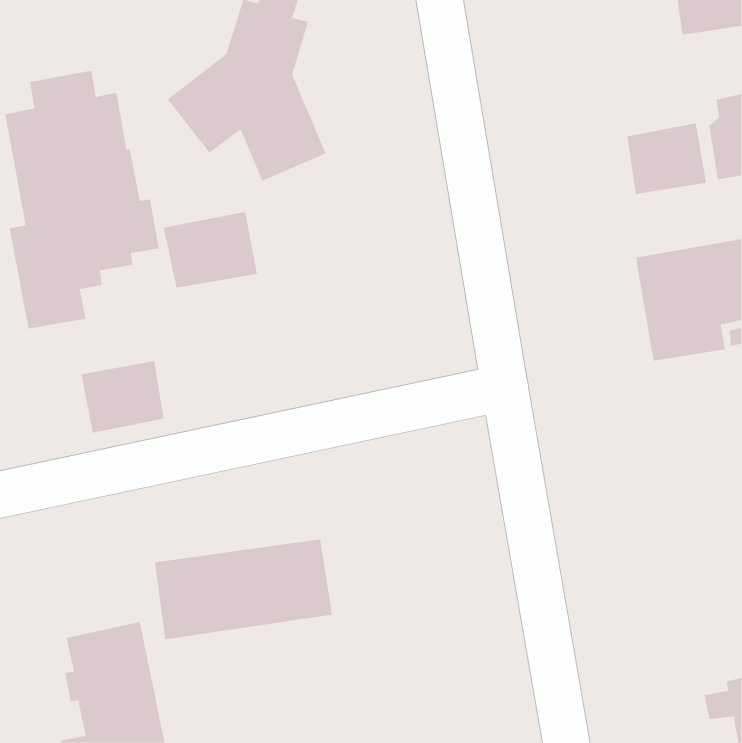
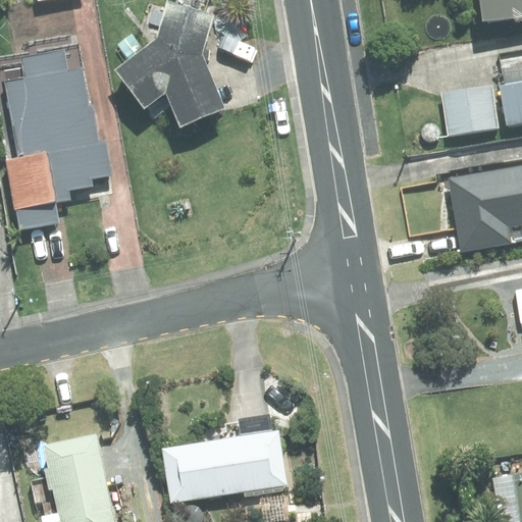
building: [163,211,257,288] -> none
building: [81,360,164,434] -> none
building: [154,539,333,640] -> [163,431,288,502]

